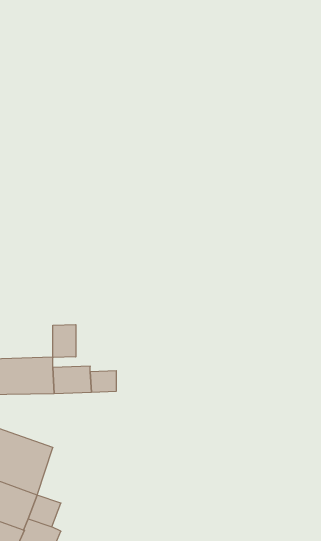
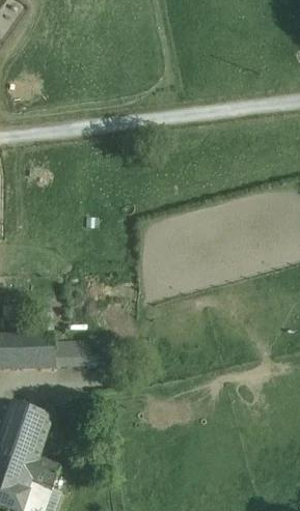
building: [53,325,76,358] -> none

